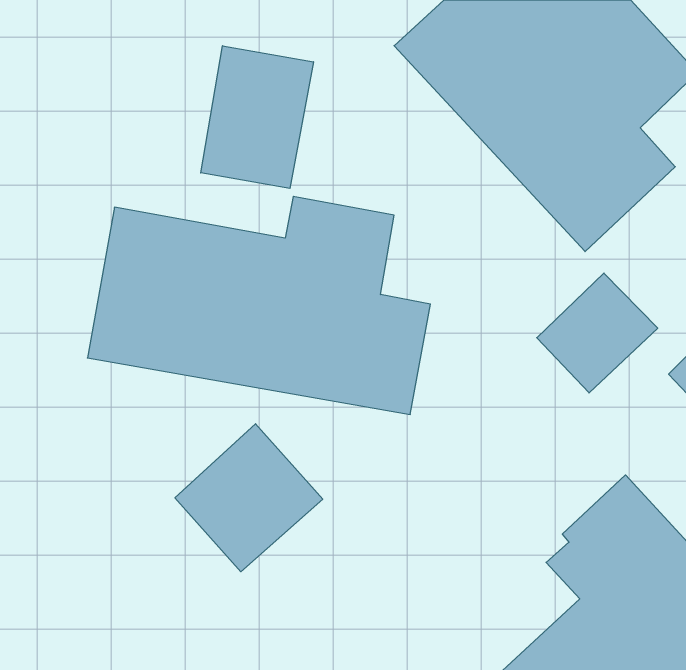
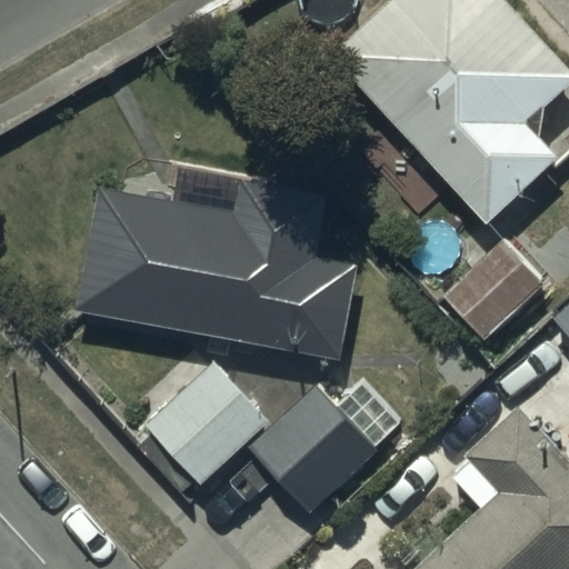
building: [201,46,313,188] -> none
building: none -> [248,387,400,517]

